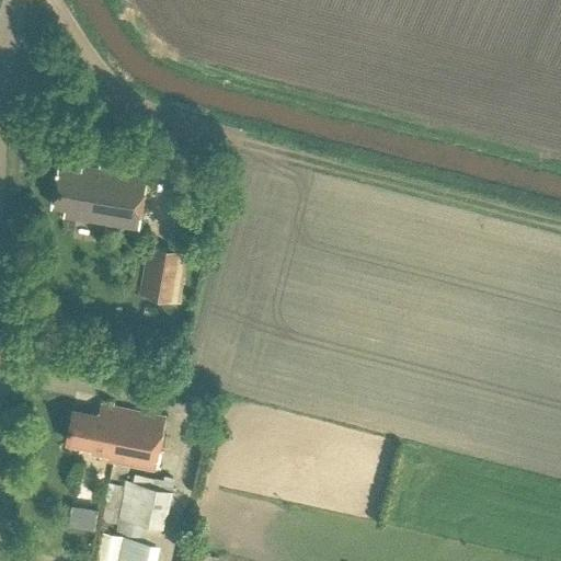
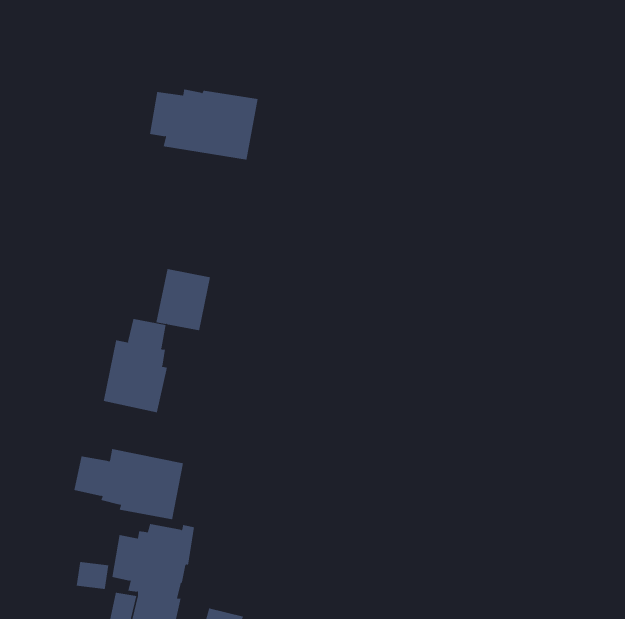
building: [50,169,148,232] -> [149,89,258,160]
building: none -> [103,318,168,413]

